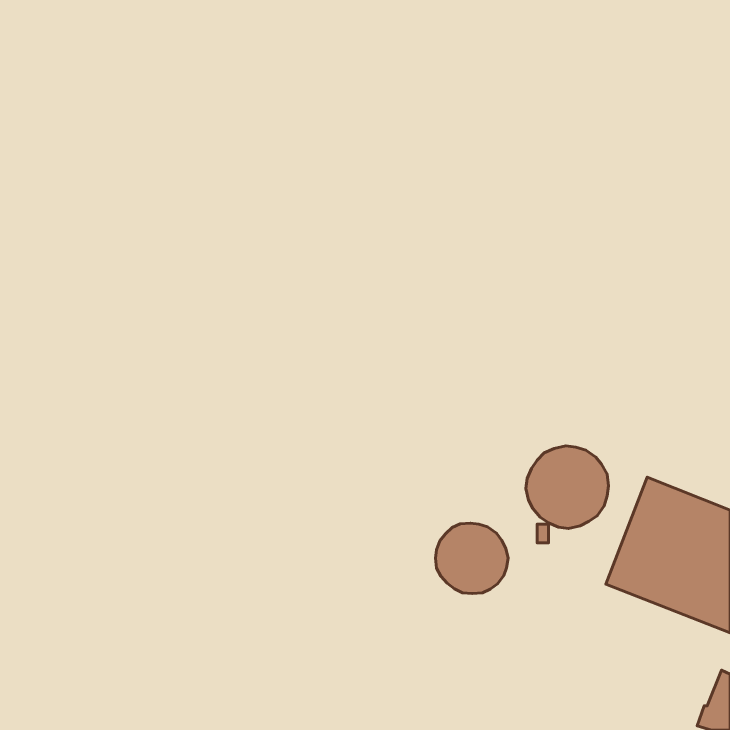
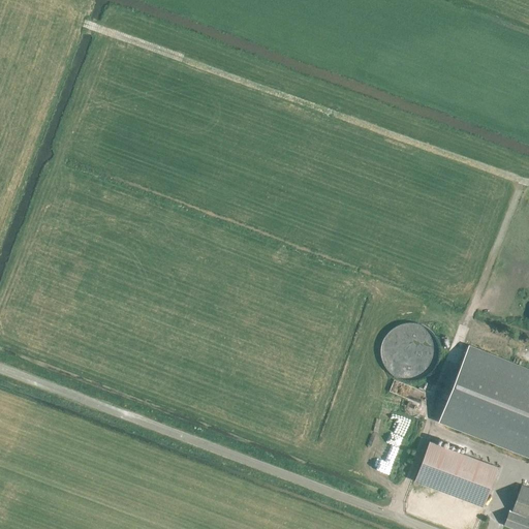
building: [436,523,508,594] -> none
building: none -> [414,439,499,506]

